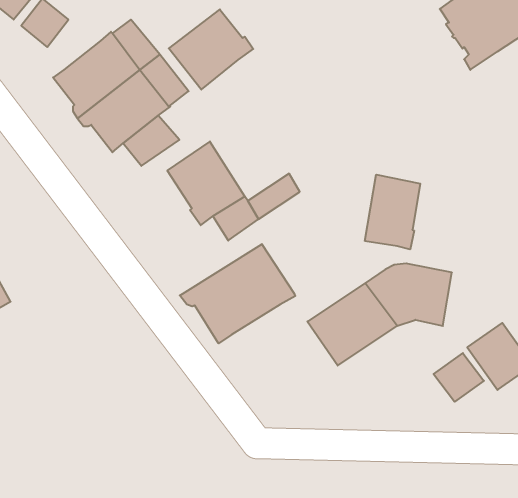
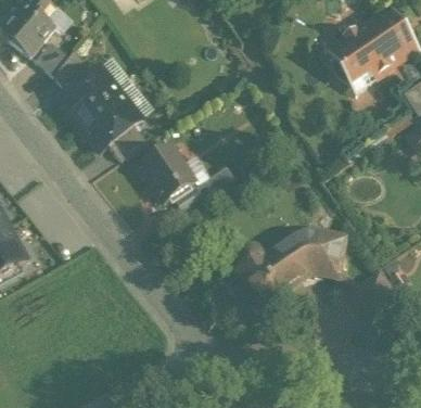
building: [169,9,253,90] -> none
building: none -> [55,50,93,92]
building: [365,175,420,249] -> none
building: [180,244,295,343] -> none
building: [434,353,484,402] -> none

